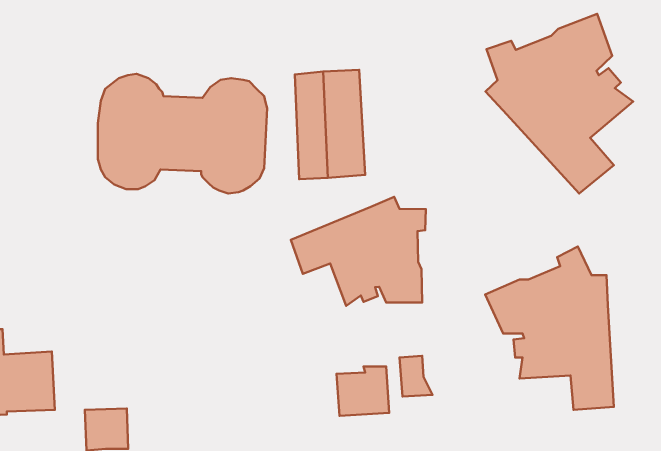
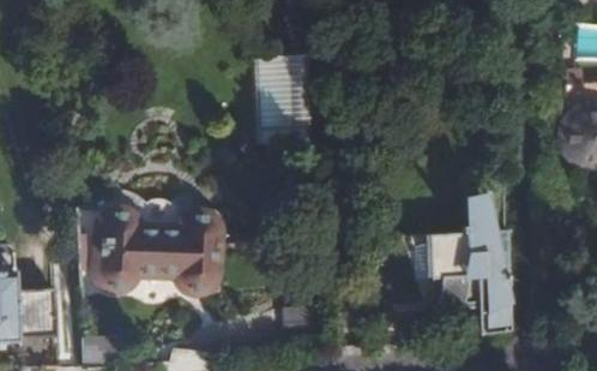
building: [485,14,633,194] -> none
building: [98,74,267,194] -> [92,199,228,295]
building: [291,197,426,306] -> none

